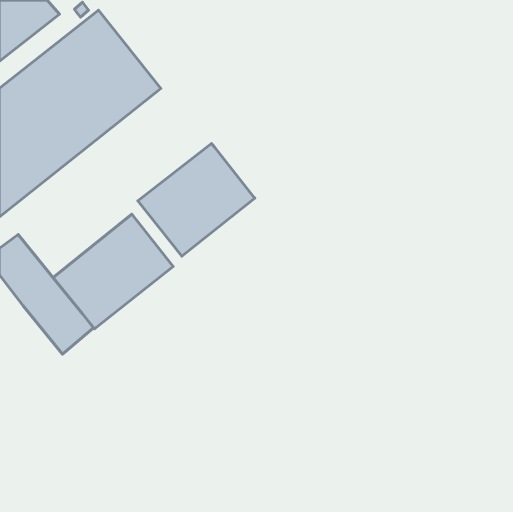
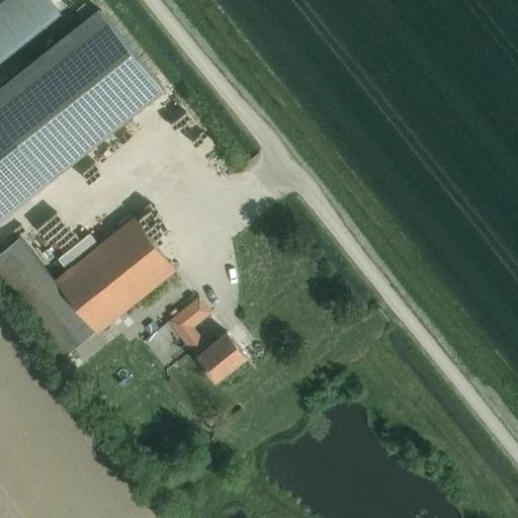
building: [138,143,255,256] -> none
building: none -> [167,298,246,382]

